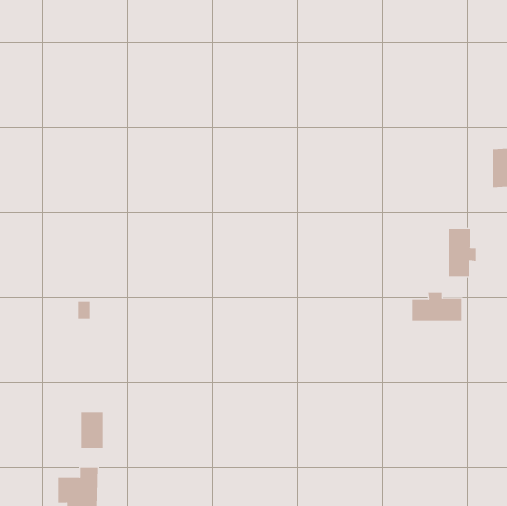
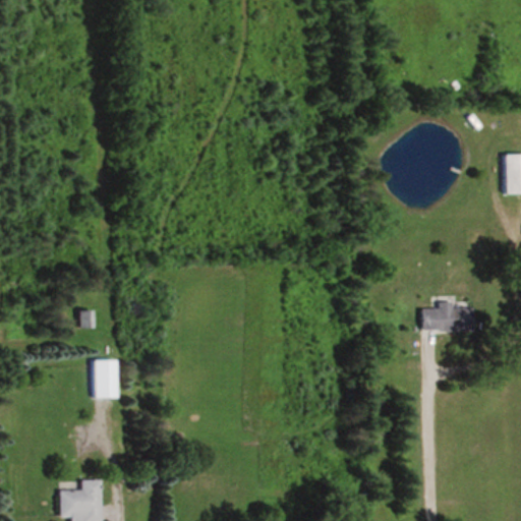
building: [448,228,476,277] -> none
building: [81,412,103,449] -> [94,360,117,398]

